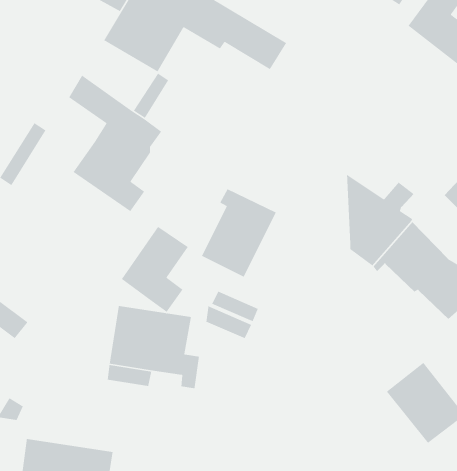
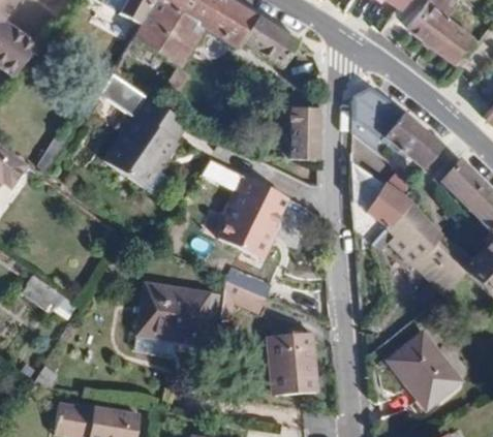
building: none -> [353,88,445,170]
building: none -> [291,107,321,161]
building: [121,226,189,313] -> none
building: none -> [266,333,321,394]

